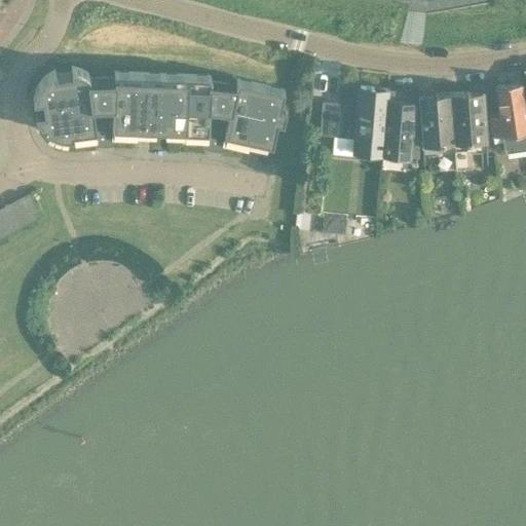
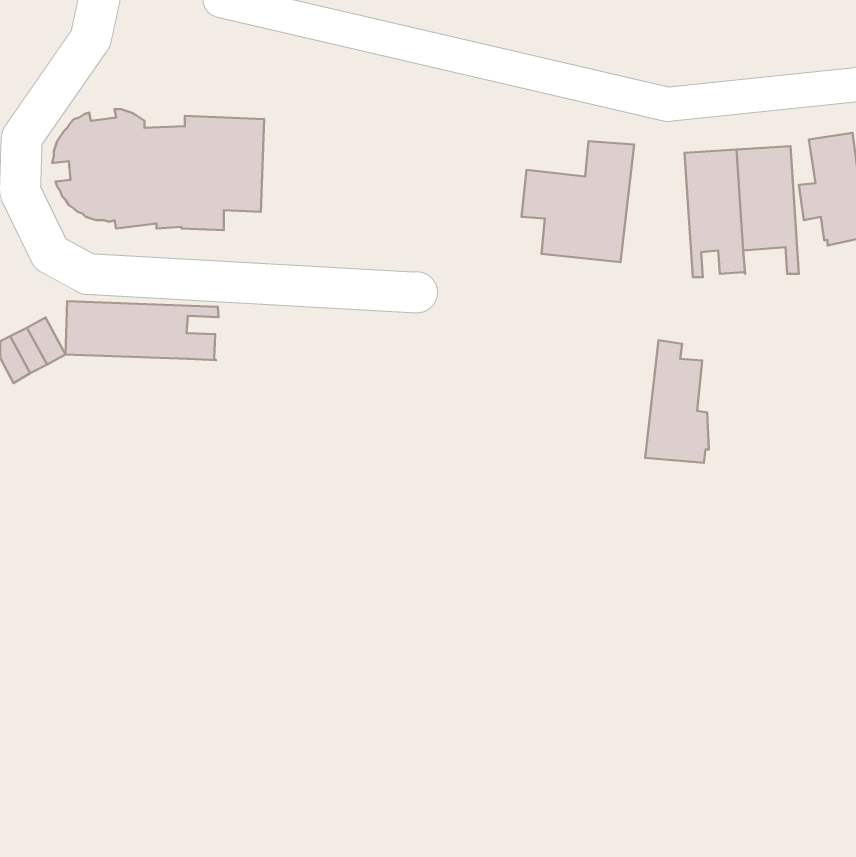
building: [161,74,288,152] -> none
building: [381,89,420,164] -> [645,340,709,463]
building: none -> [66,301,218,360]

